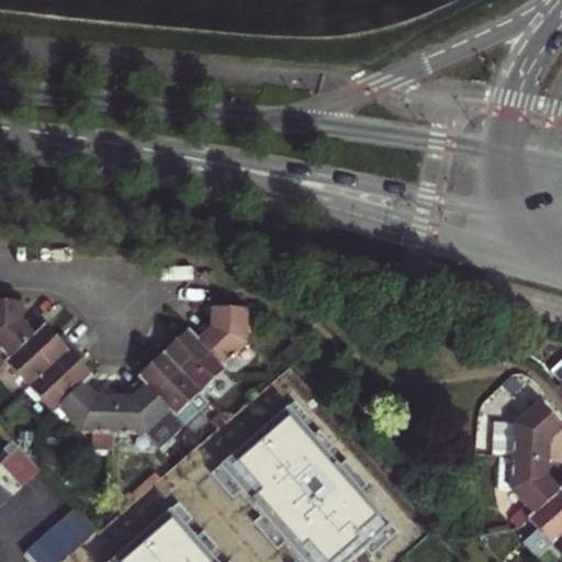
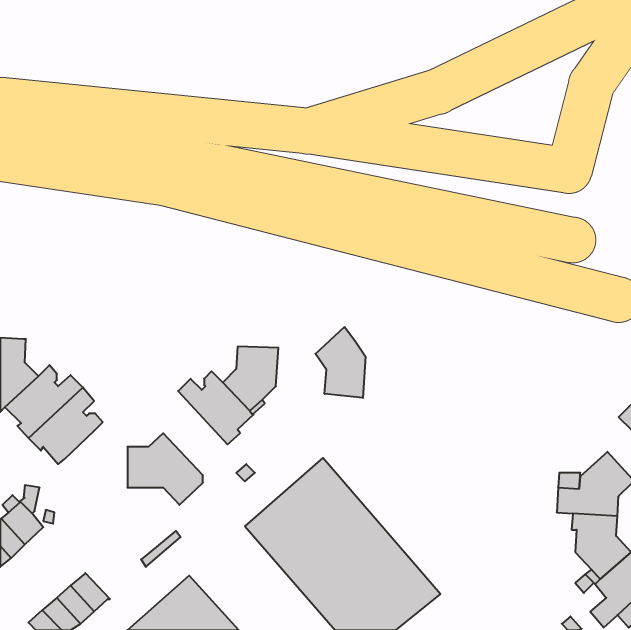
building: none -> [315,327,366,398]
building: [138,347,209,423] -> none
building: [58,382,114,450] -> none

